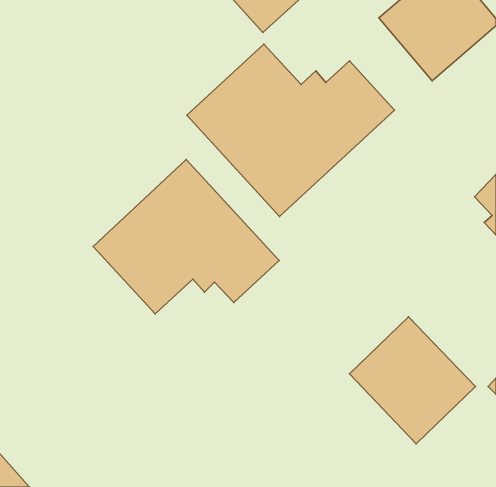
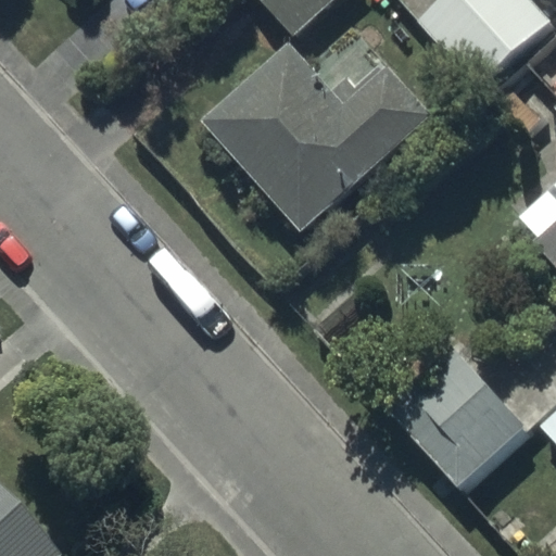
building: [93,160,279,314] -> none

